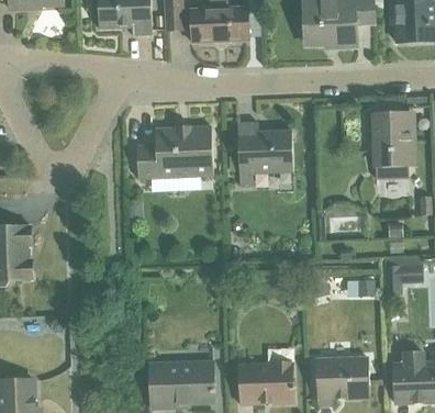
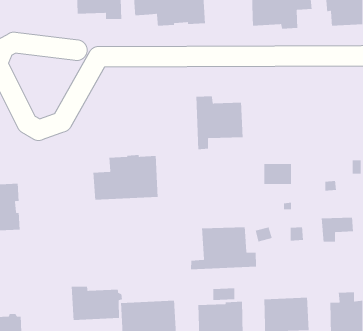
building: [372,112,411,178] -> none
building: [136,124,213,178] -> [93,154,158,200]
building: none -> [190,226,257,270]
building: none -> [71,286,123,321]

